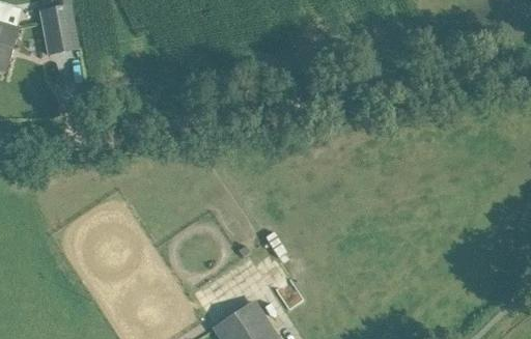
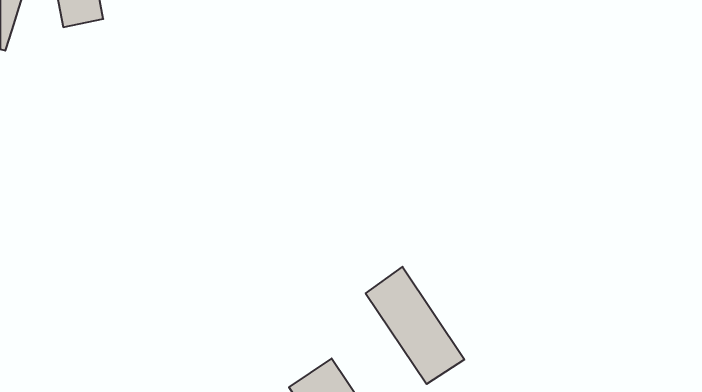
building: none -> [366,267,464,384]

